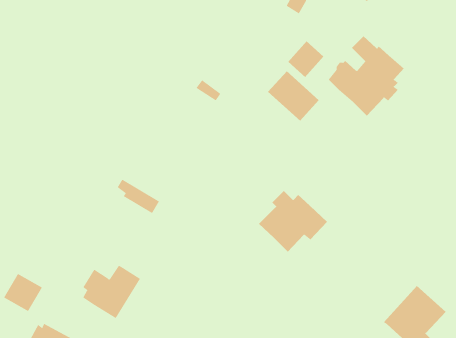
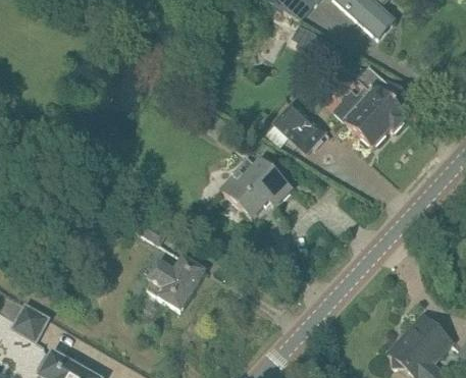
building: [288,41,324,78] -> none
building: [258,190,328,253] -> [221,157,291,219]
building: [82,265,141,319] -> [147,257,205,311]

